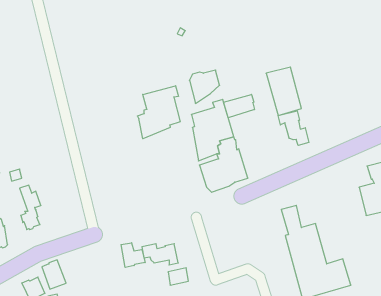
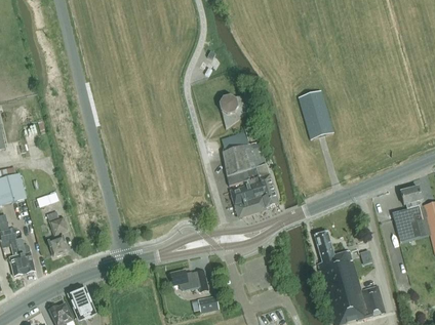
building: [137,86,180,139] -> none
building: [224,94,254,118] -> none
building: [278,111,309,145] -> none
building: [121,243,145,267] -> none

